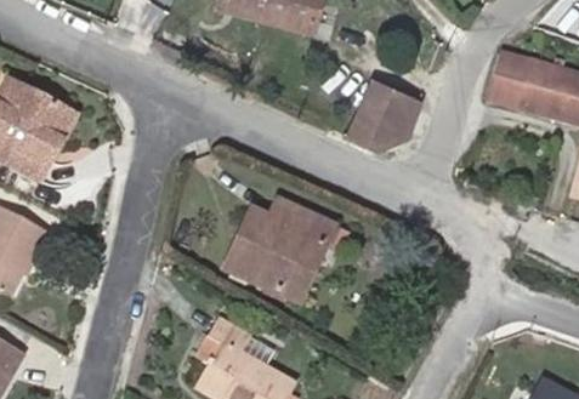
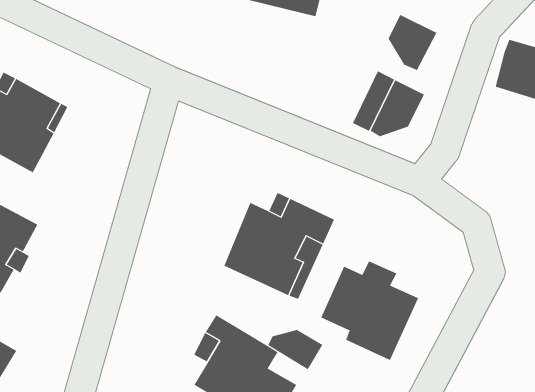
building: none -> [388,14,437,71]
building: none -> [321,260,419,361]
building: none -> [267,329,323,370]

